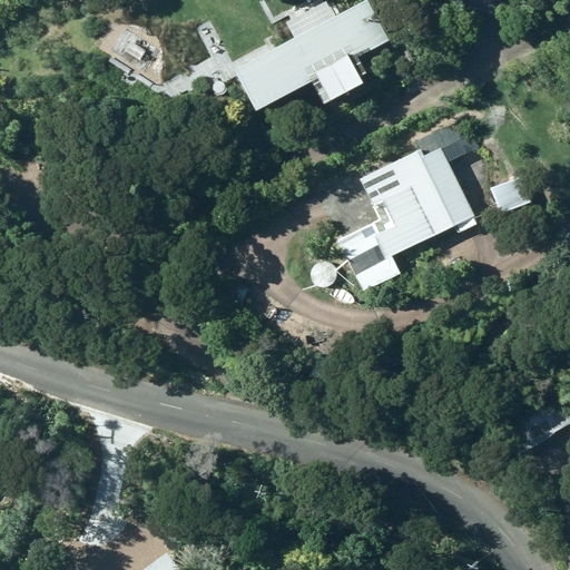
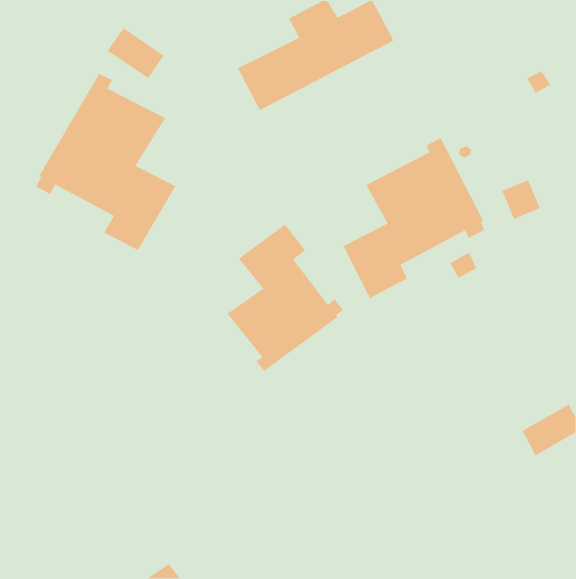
building: none -> [35,73,177,251]
building: none -> [227,224,344,372]

